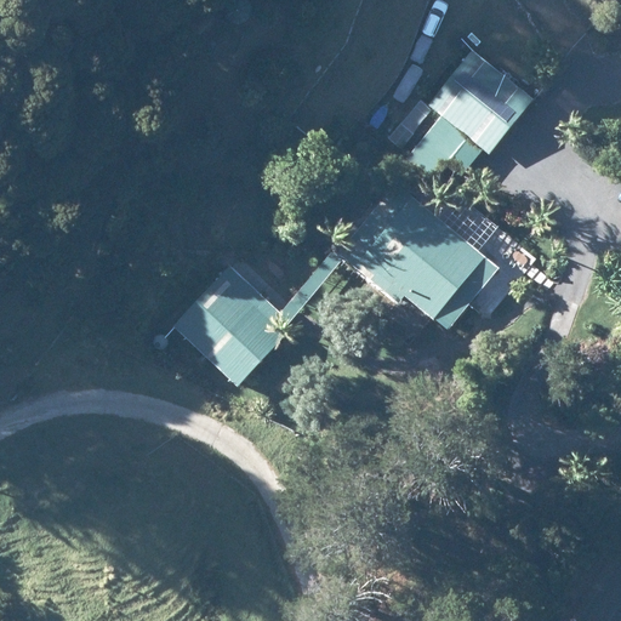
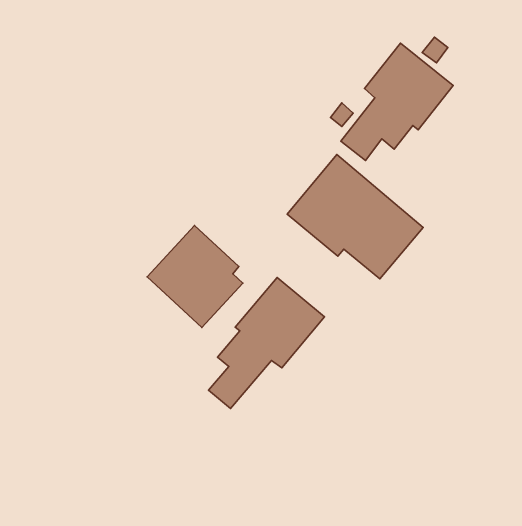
building: none -> [208,277,325,409]

